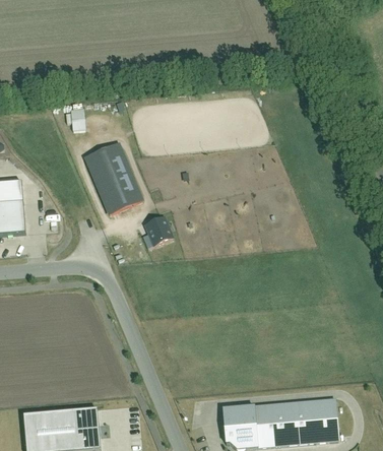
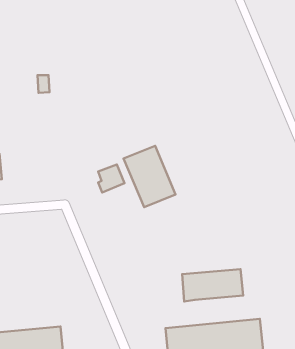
building: [82,141,144,214] -> [124,146,176,207]
building: none -> [182,269,243,302]

